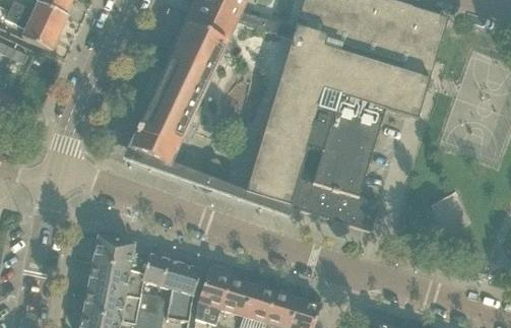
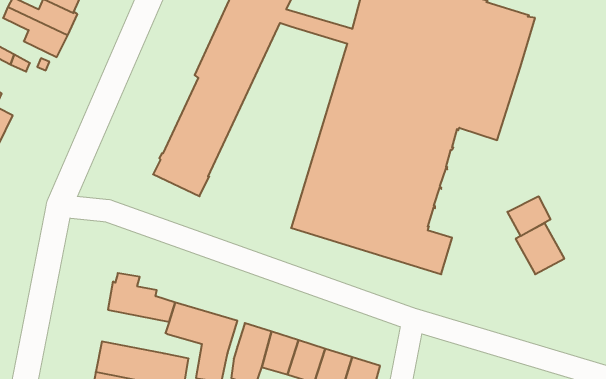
building: none -> [507,196,550,236]
building: [87,261,143,298] -> none

